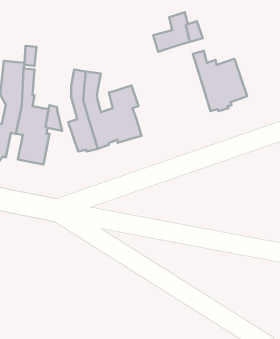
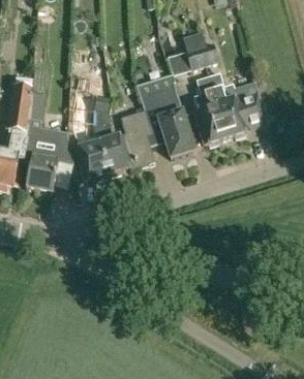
building: none -> [193,76,227,145]
building: none -> [141,86,194,157]

